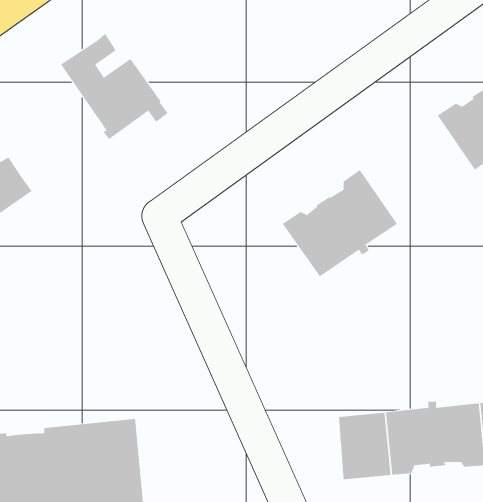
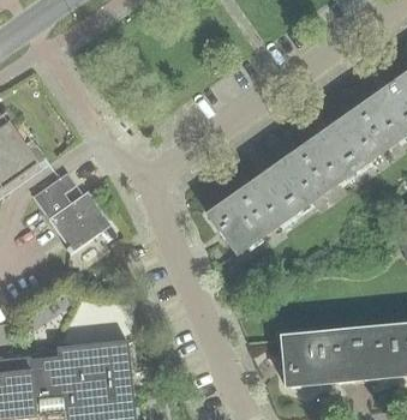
building: [60,33,168,140] -> [32,172,115,253]
building: none -> [298,108,385,191]
building: none -> [208,191,267,253]

